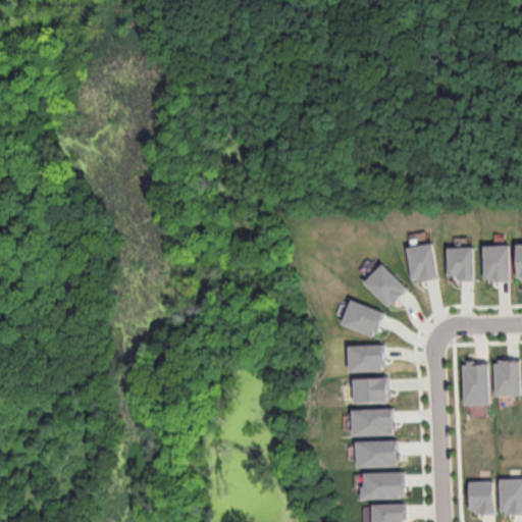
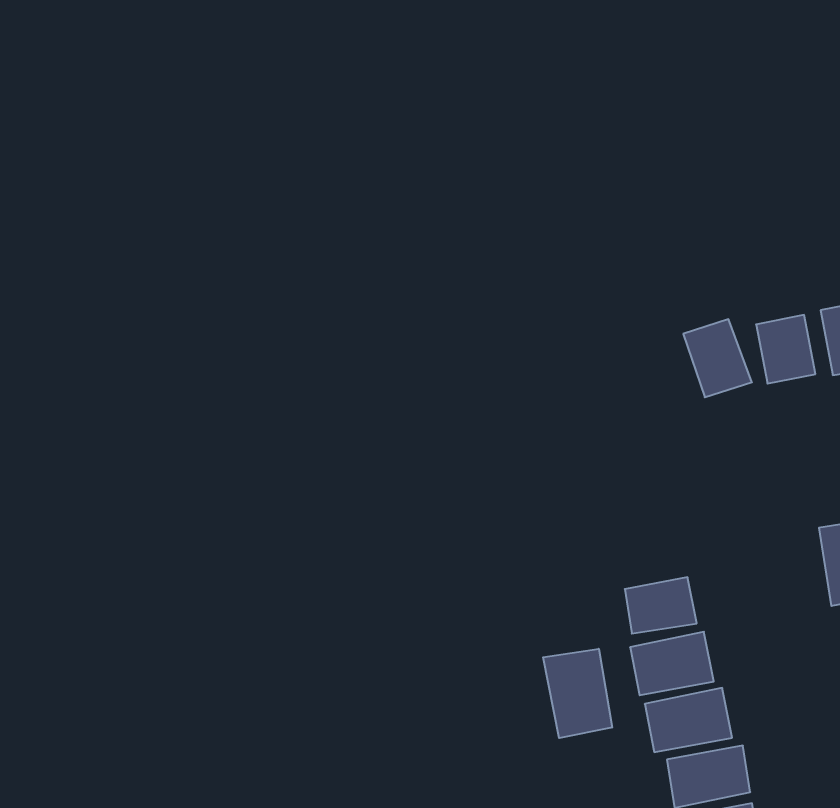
building: [363,264,407,308] -> none
building: [342,300,383,337] -> none
building: [347,345,383,372] -> none
building: none -> [543,649,612,738]

